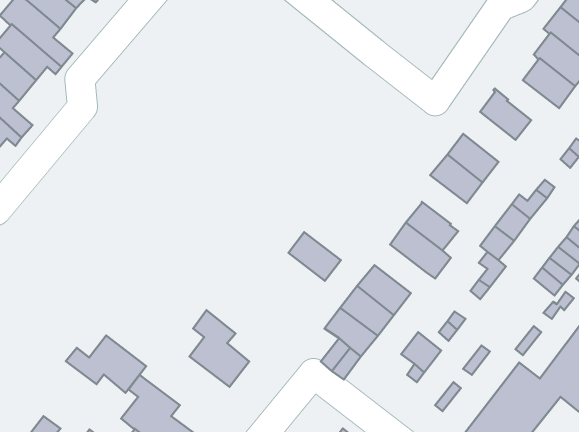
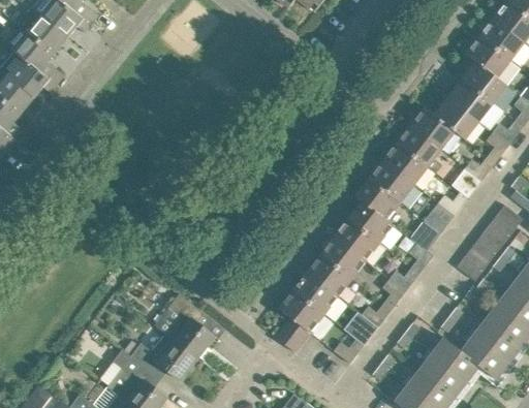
building: none -> [434,98,478,139]
building: none -> [397,125,441,167]
building: none -> [355,179,400,220]
building: [288,232,341,281] -> [321,238,366,279]
building: [66,336,146,393] -> [130,333,198,381]

